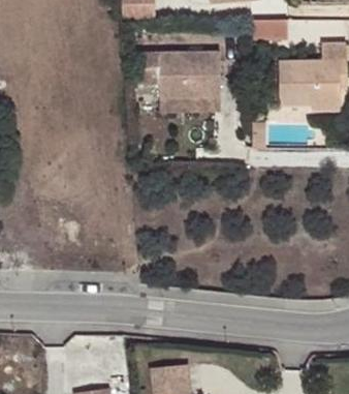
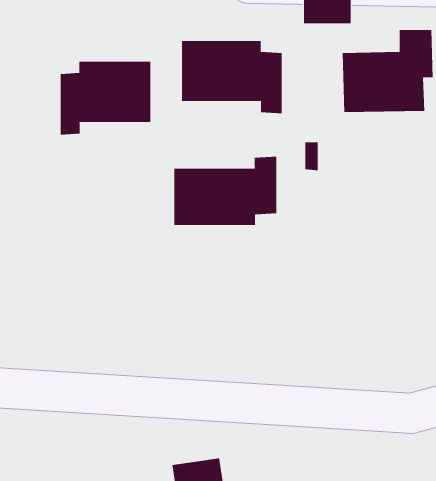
building: none -> [60,61,151,135]
building: none -> [174,156,277,226]

